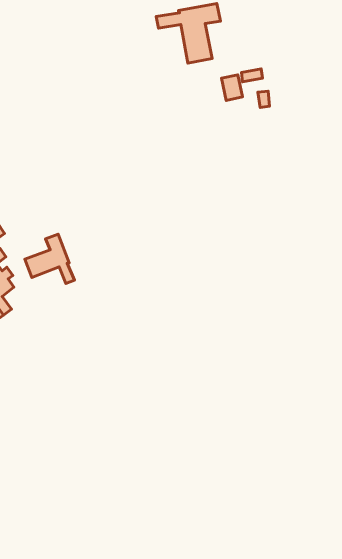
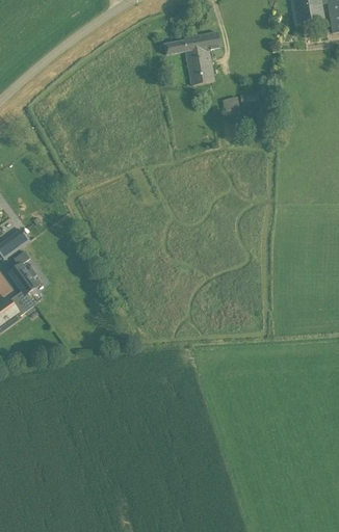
building: [25,234,74,283] -> none

